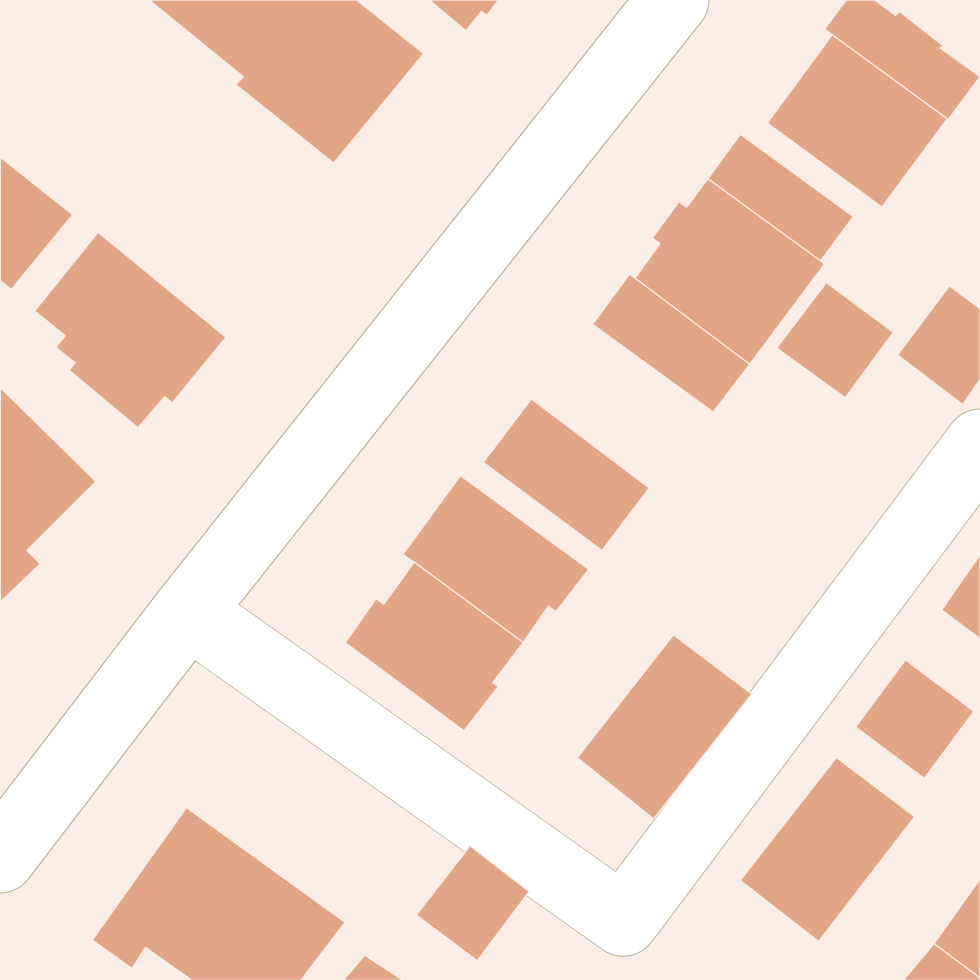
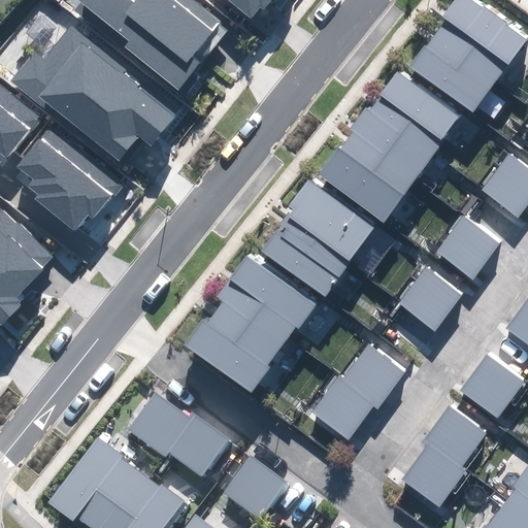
building: none -> [12,27,173,165]
building: [776,283,893,398] -> [436,218,499,279]
building: none -> [286,180,374,262]
building: none -> [398,266,463,331]
building: none -> [130,390,230,477]

